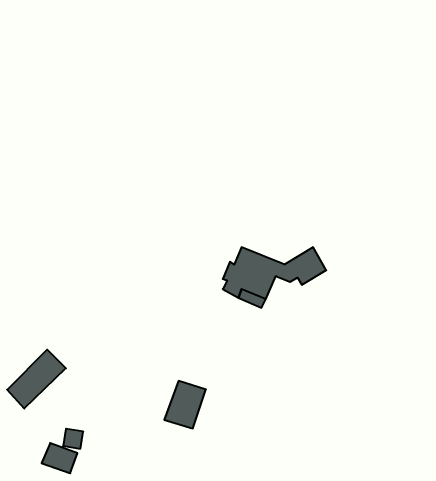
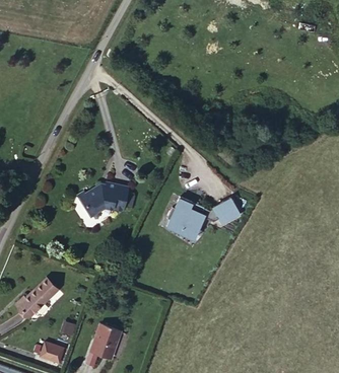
building: none -> [81,182,131,216]
building: [164,381,206,428] -> [92,325,122,359]

